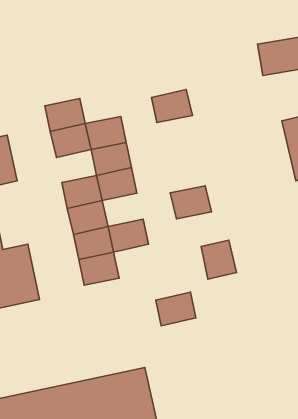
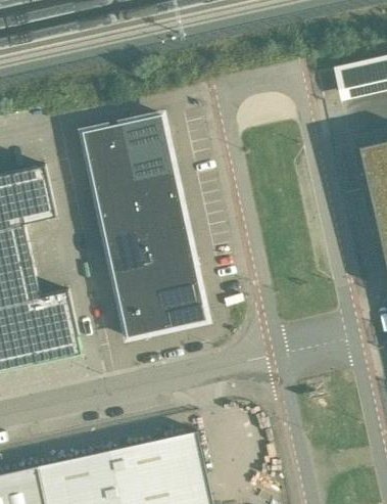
building: [151,90,193,123] -> [123,114,170,152]
building: none -> [96,182,142,220]
building: [170,186,211,219] -> [148,232,195,270]
building: [201,240,236,279] -> none
building: [156,292,196,326] -> [161,290,207,329]

